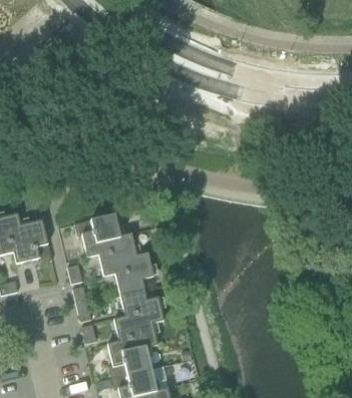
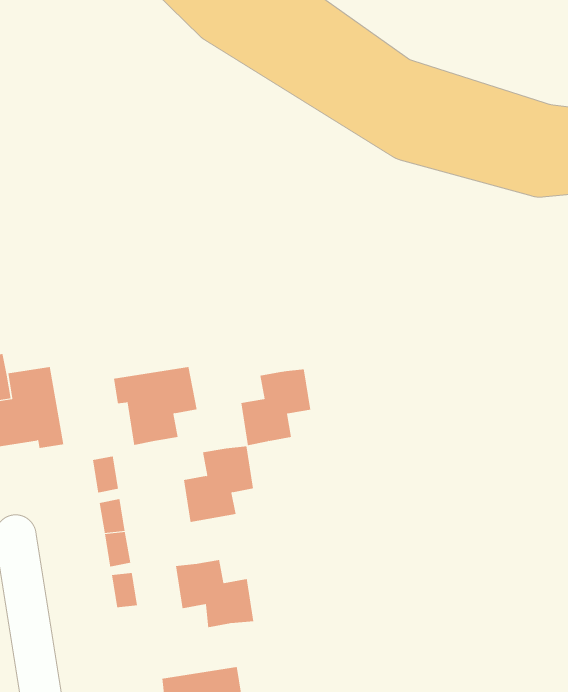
building: [99,235,136,277] -> [240,369,311,446]
building: [120,290,163,326] -> none
building: [108,338,150,378] -> none

